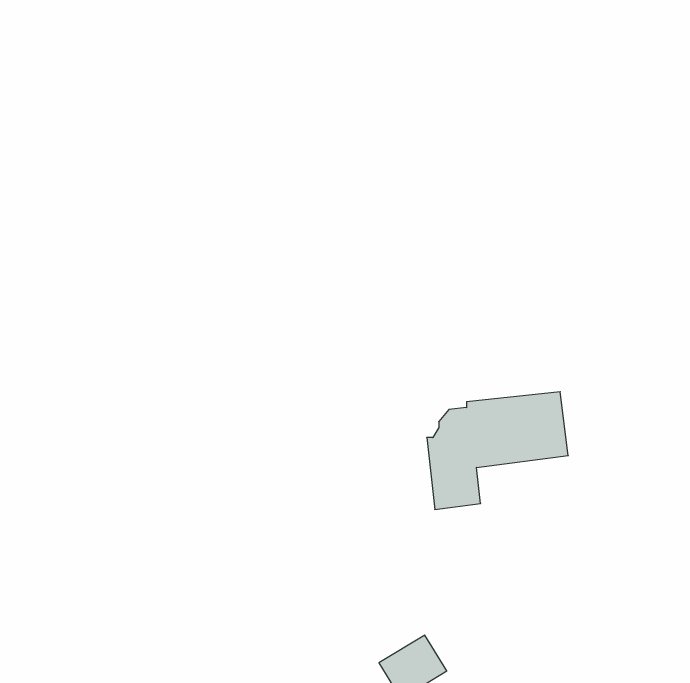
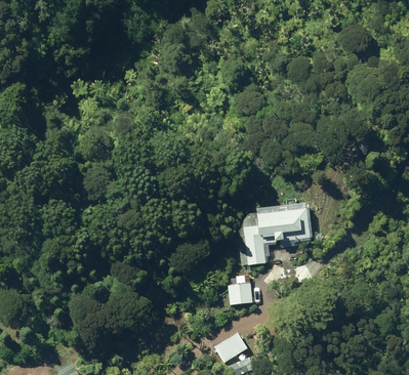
building: none -> [228,276,252,305]

